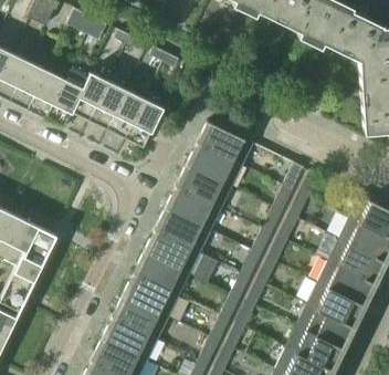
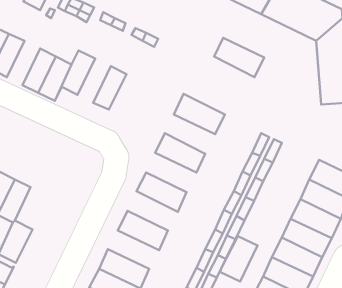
building: [9,60,46,110] -> none
building: [88,80,126,129] -> none
building: [124,97,162,147] -> none
building: [187,143,243,187] -> [214,38,264,77]
building: [166,186,222,230] -> none
building: [18,225,55,272] -> none
building: [145,229,201,273] -> none
building: [123,273,180,316] -> none
building: none -> [221,236,257,282]

